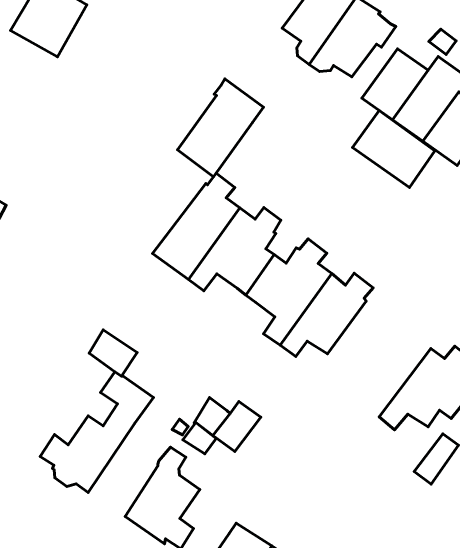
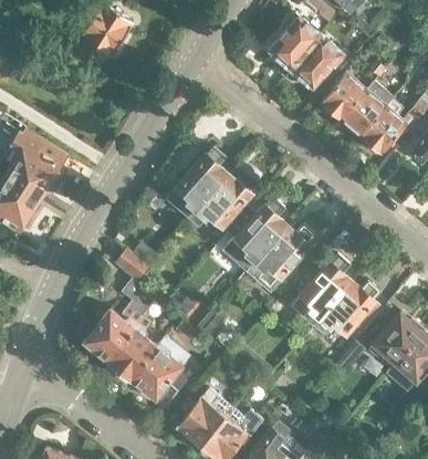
building: [177,79,263,177] -> none
building: [352,110,435,188] -> none
building: none -> [285,254,352,325]
building: none -> [106,315,157,388]

